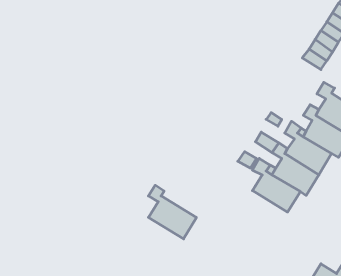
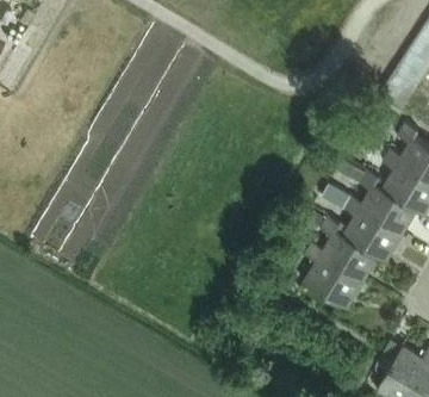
building: [148,185,196,239] -> [303,243,361,309]

